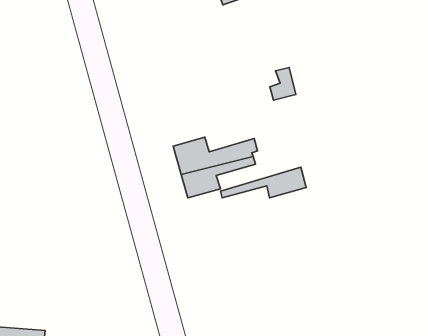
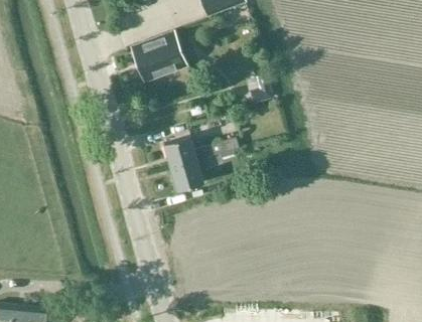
building: none -> [130,34,184,85]
building: [221,167,306,198] -> none

